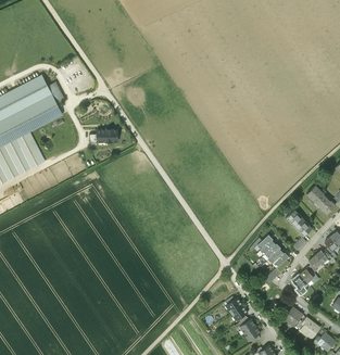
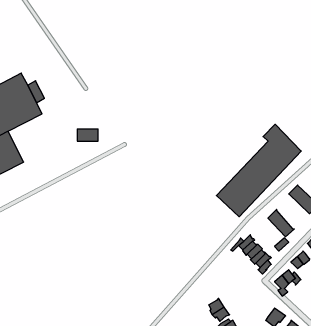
building: none -> [216,124,301,217]

